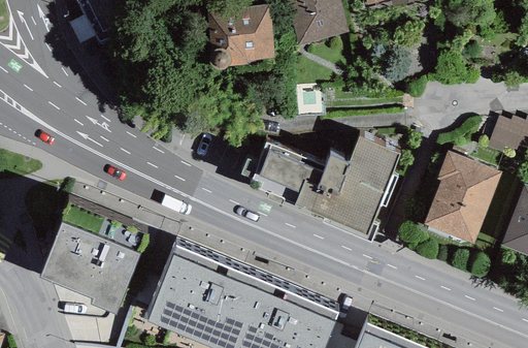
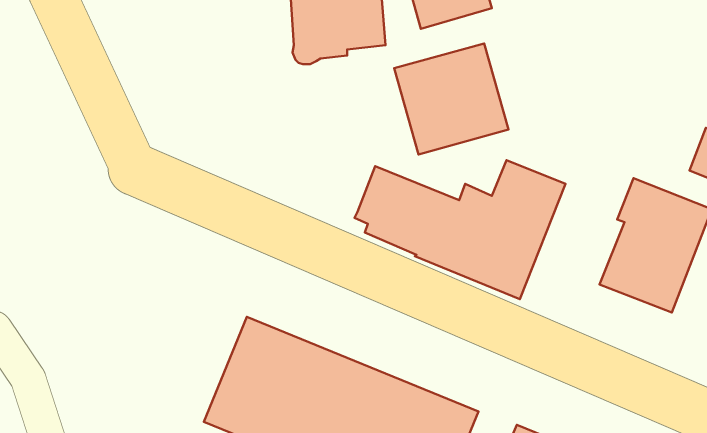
building: none -> [394,43,509,154]
building: [40,203,147,314] -> none

